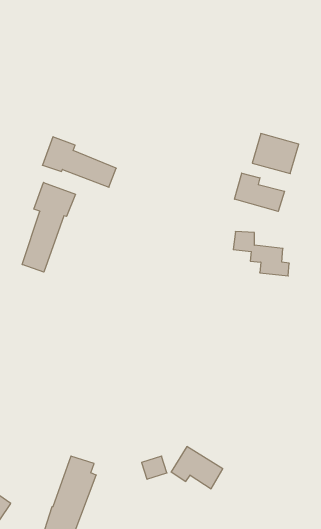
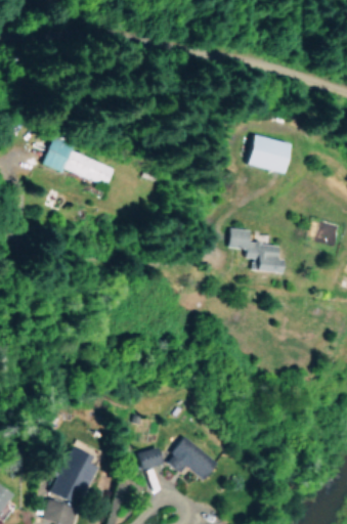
building: [235,173,285,211] -> none
building: [22,182,75,272] -> none

